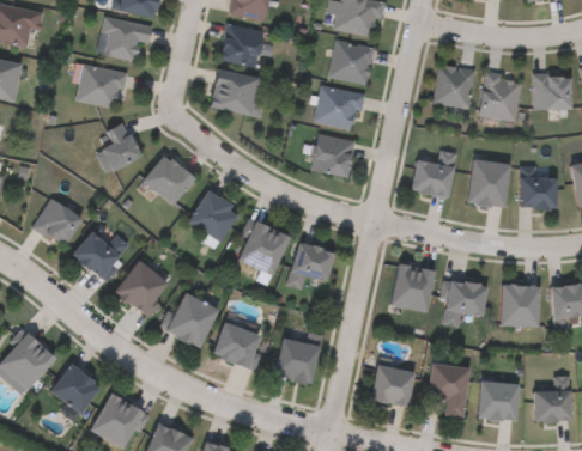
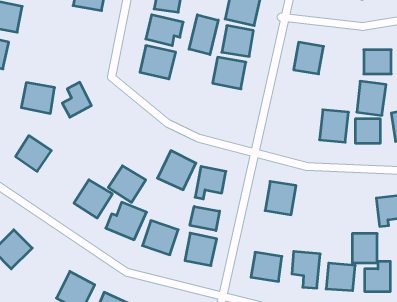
building: [101,16,153,62] -> none
building: none -> [189,15,218,55]
building: [77,65,125,109] -> [21,83,55,113]
building: [479,72,521,121] -> [357,81,386,115]
building: [311,134,356,177] -> none
building: [412,151,456,197] -> none
building: [144,153,195,205] -> none
building: [189,190,243,243] -> [108,166,146,202]
building: [73,231,133,281] -> none
building: [442,280,487,325] -> none
building: [503,285,539,327] -> [352,234,377,263]
building: none -> [190,206,220,231]
building: [51,364,102,413] -> none

